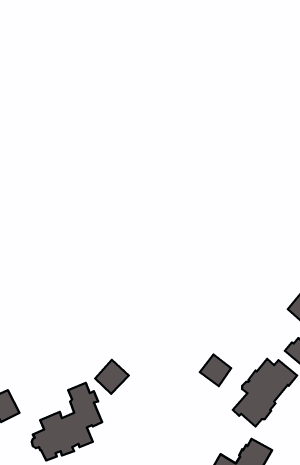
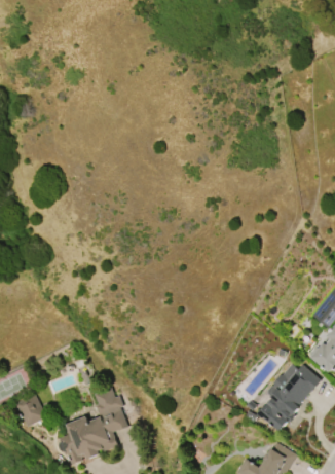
building: [200,354,231,386] -> none
building: [95,360,129,394] -> none

